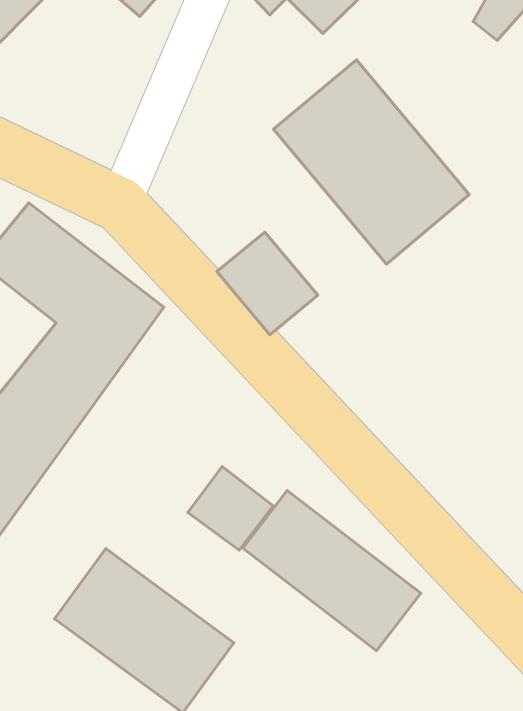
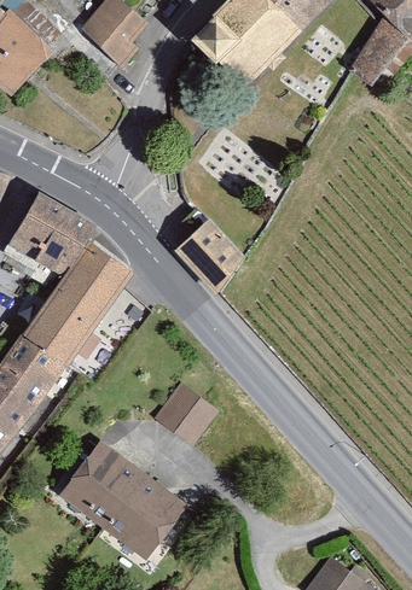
building: [273,60,469,264] -> none
building: [243,491,421,651] -> none

